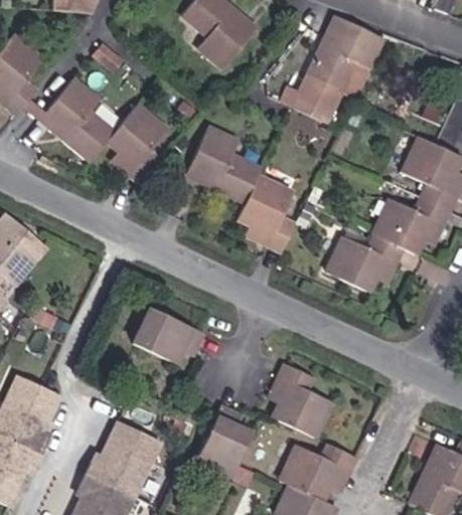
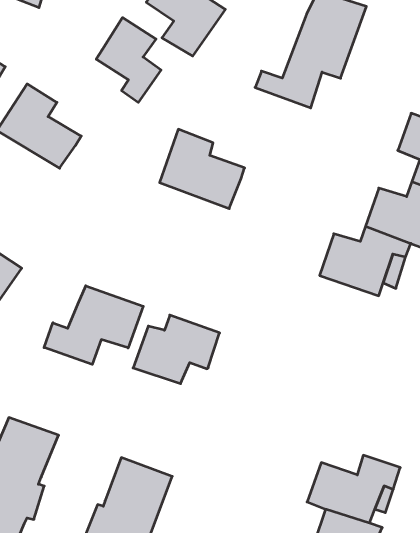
building: [105,103,162,180] -> [96,18,161,102]
building: [232,181,292,250] -> none
building: none -> [44,286,143,364]
building: [280,367,343,436] -> none
building: [200,403,263,477] -> none

